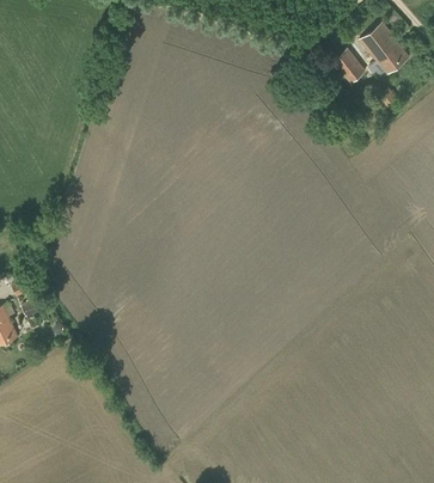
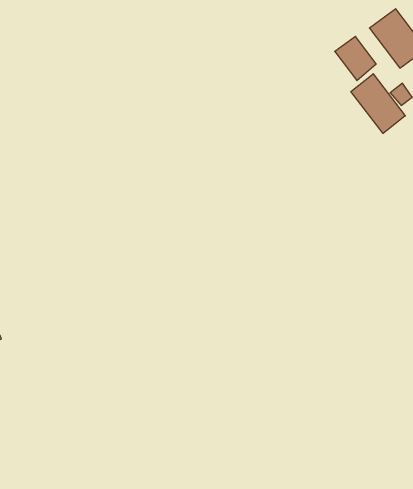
building: none -> [351,74,405,133]

